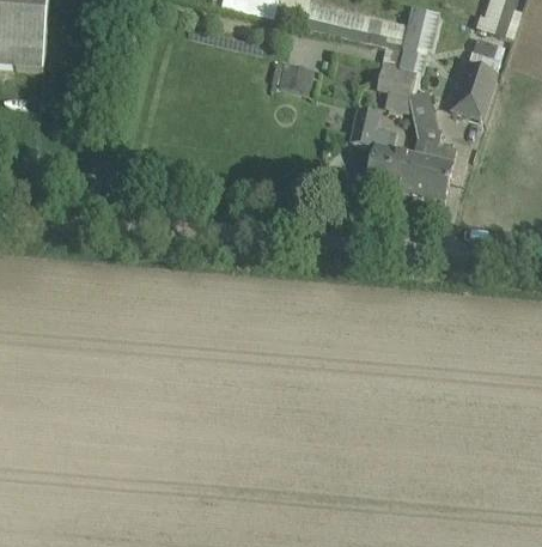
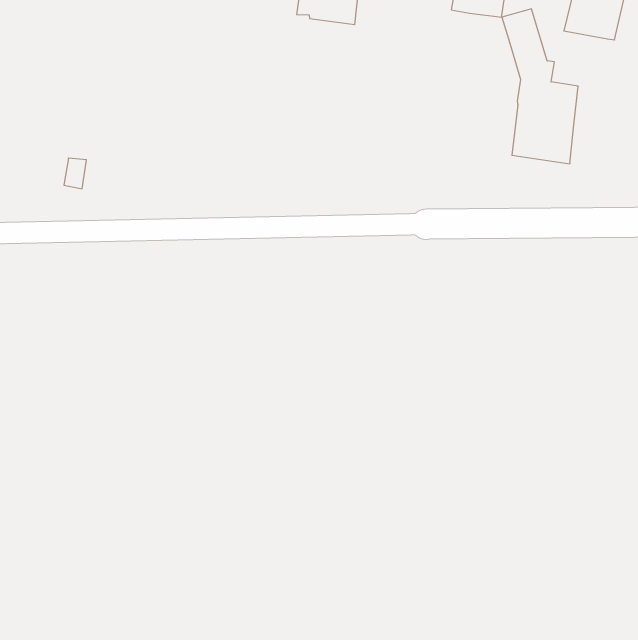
building: [351,108,413,190] -> none

